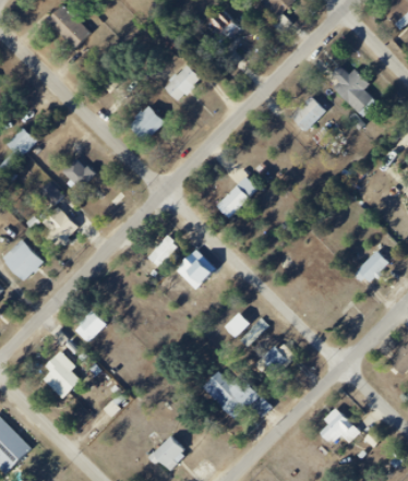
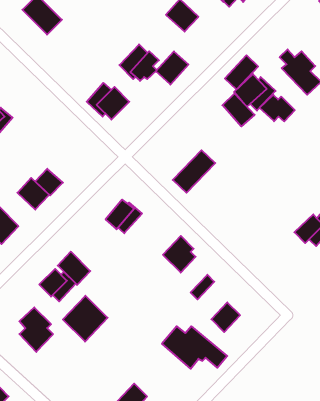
building: none -> [156,51,188,85]
building: none -> [225,55,258,89]
building: none -> [222,93,255,126]
building: none -> [260,95,295,121]
building: [61,158,92,188] -> [35,169,63,195]
building: [176,249,212,289] -> [163,236,196,273]
building: none -> [58,252,90,285]
building: none -> [63,296,108,342]
building: [319,407,361,446] -> none

